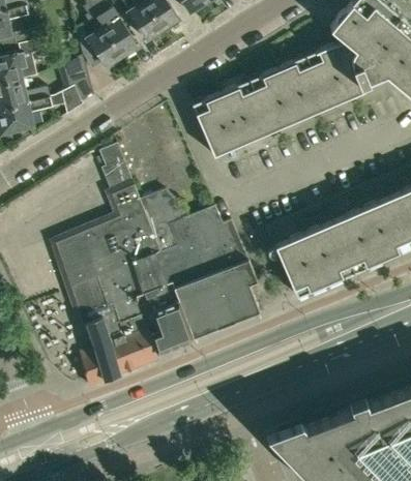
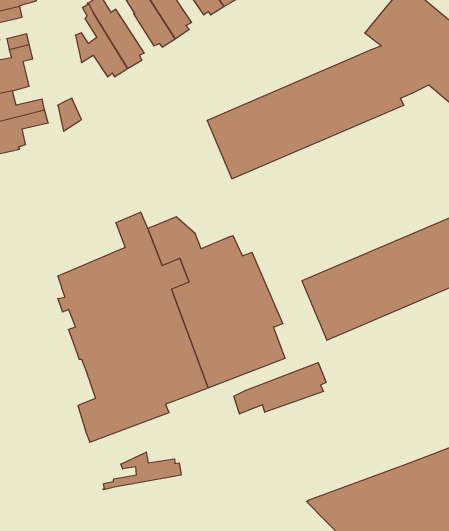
building: [60,57,87,90] -> none
building: [97,148,133,196] -> none
building: none -> [234,363,326,414]
building: none -> [103,452,181,490]

